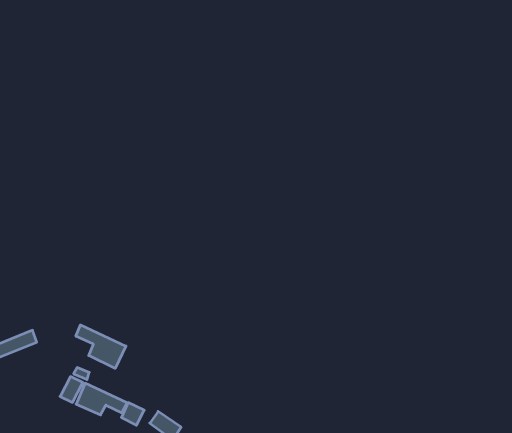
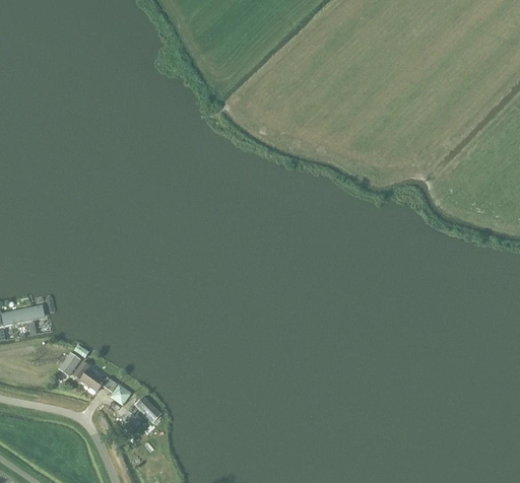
building: [76,325,126,368] -> none

